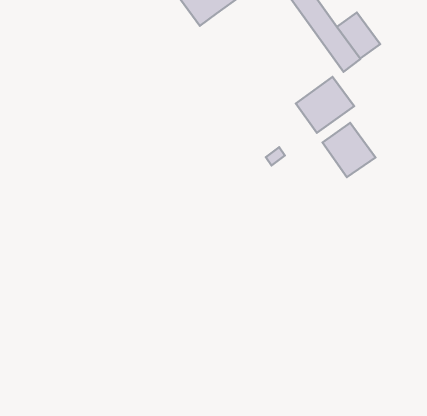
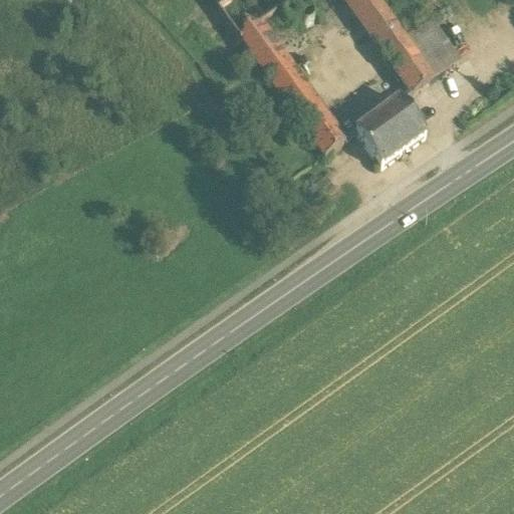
building: none -> [240,16,344,149]
building: [323,123,375,177] -> none

